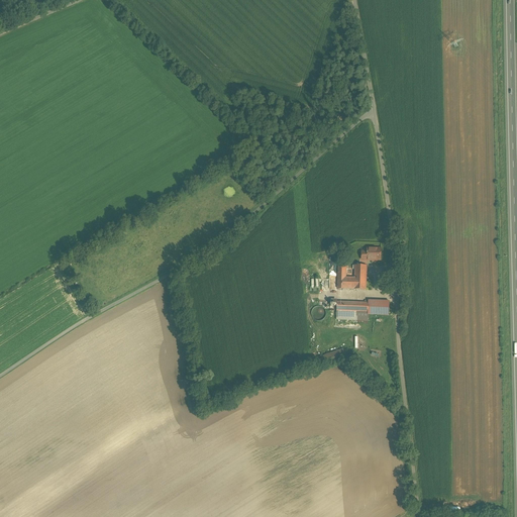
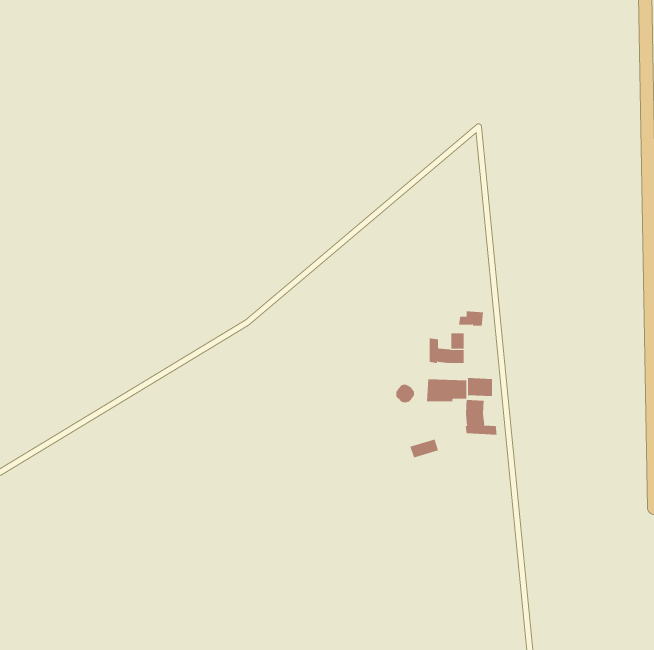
building: none -> [465,399,497,435]

